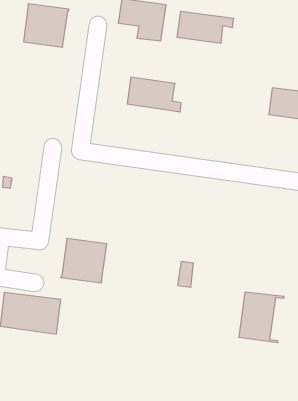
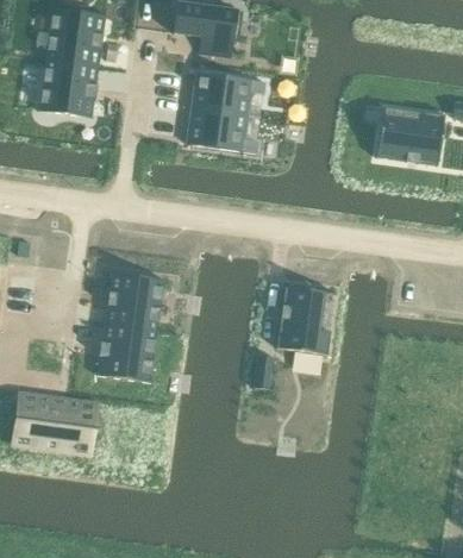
building: [177,11,234,43] -> [190,70,267,113]
building: none -> [38,57,99,115]
building: none -> [105,270,165,328]
building: [239,292,284,343] -> [276,284,337,352]

